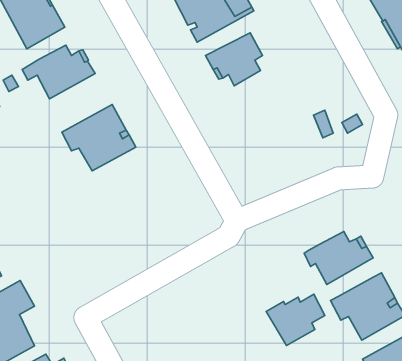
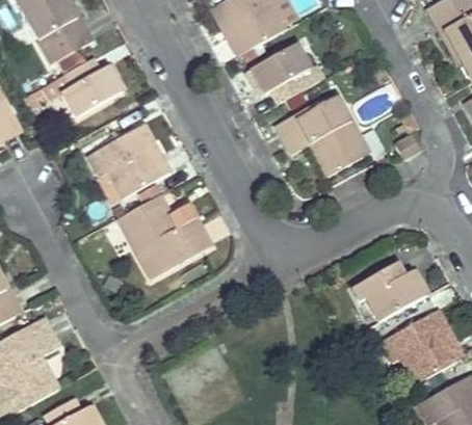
building: none -> [277,91,370,177]
building: none -> [116,194,210,278]
building: [266,294,325,345] -> none

